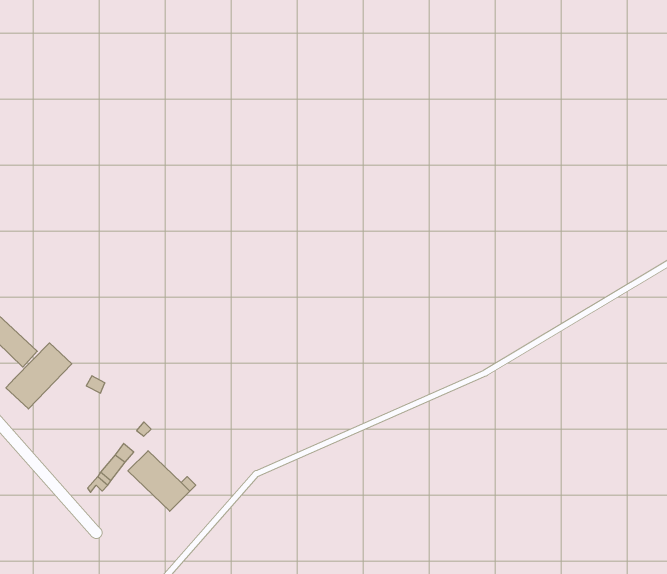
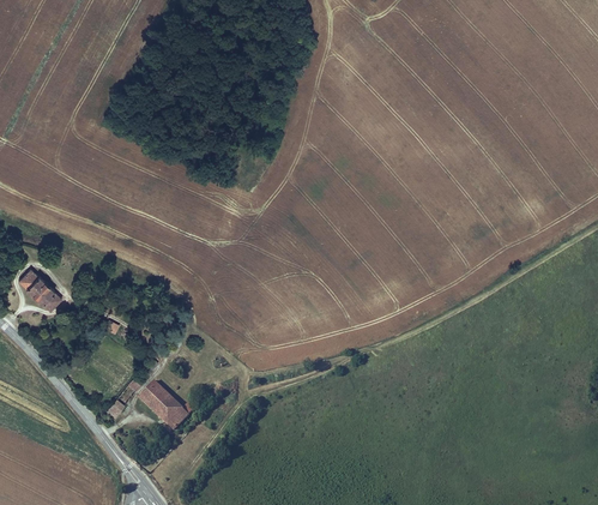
building: [6,343,72,409] -> none

